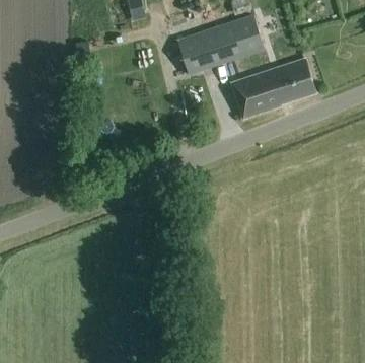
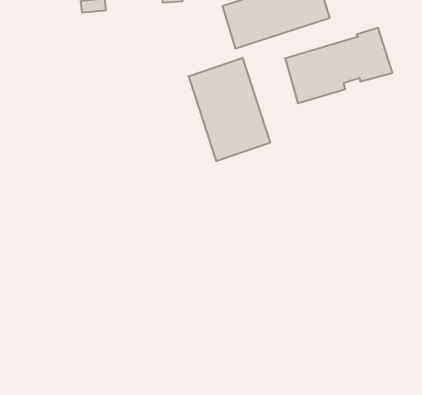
building: none -> [189,58,270,161]

